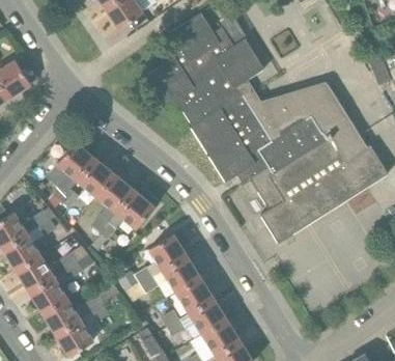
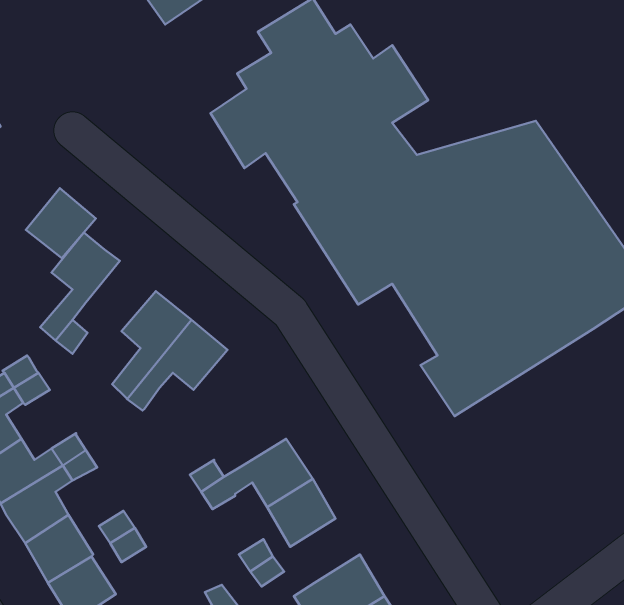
building: [77,158,115,196] -> [26,188,96,258]
building: [149,233,187,270] -> none
building: [189,299,227,334] -> none

